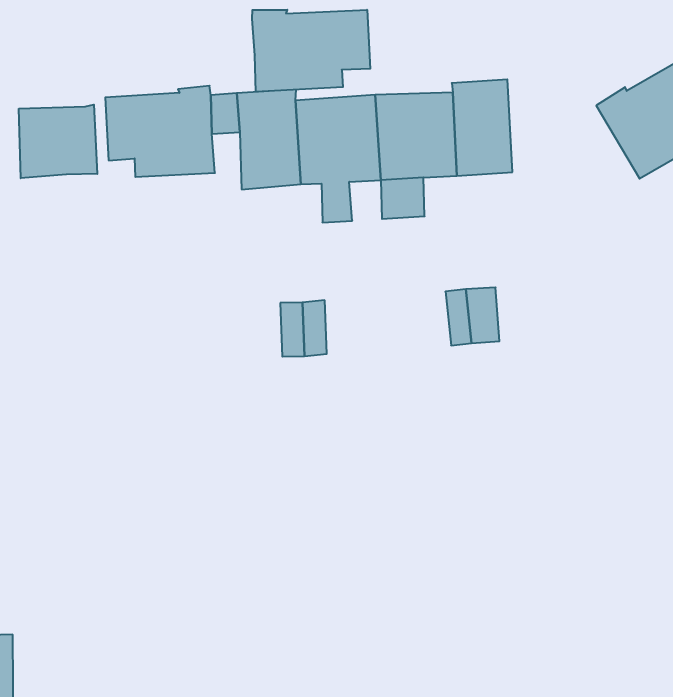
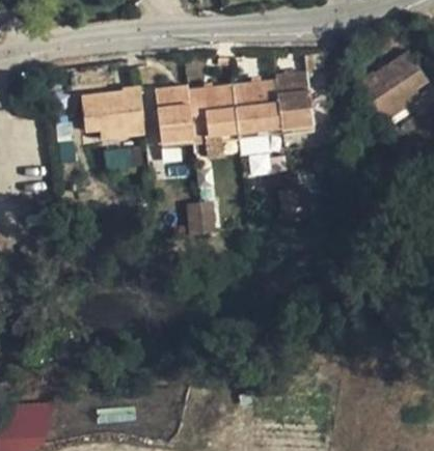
building: [252,10,370,92] -> none
building: [19,105,97,178] -> none

